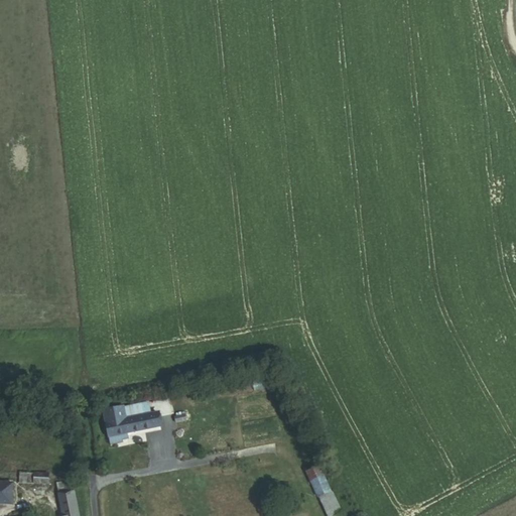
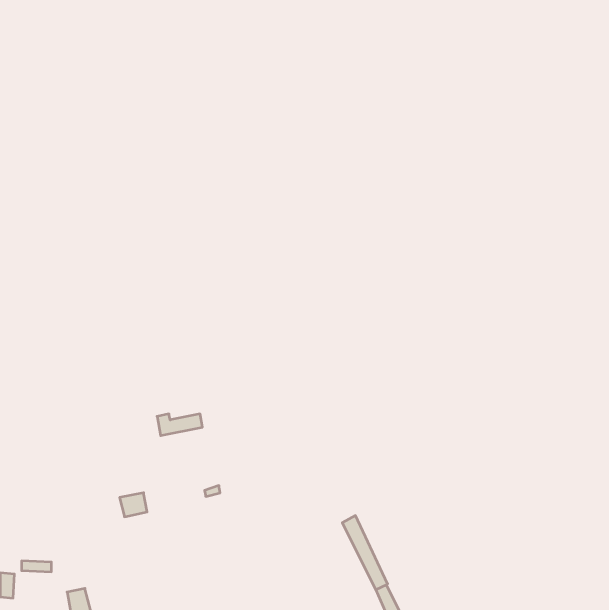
building: [123,414,161,432] -> [157,414,202,436]

